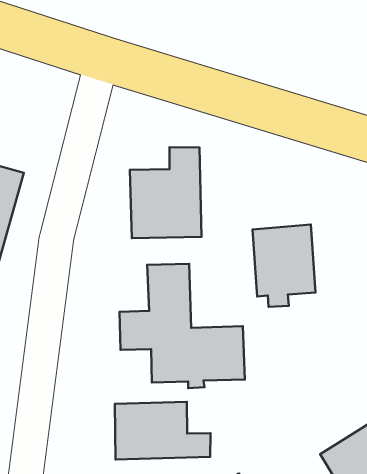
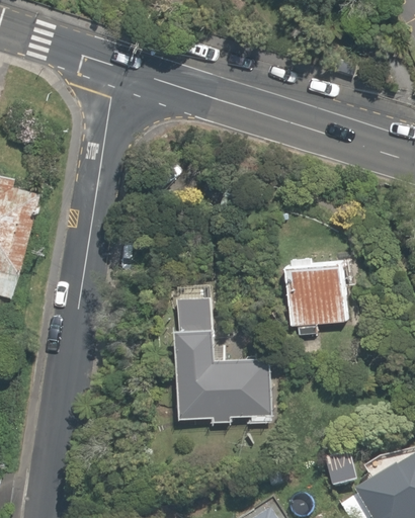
building: [130,147,202,238] -> none
building: [115,402,210,459] -> none

